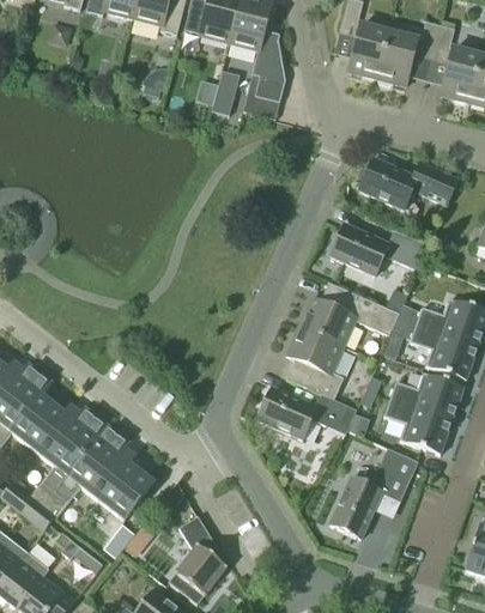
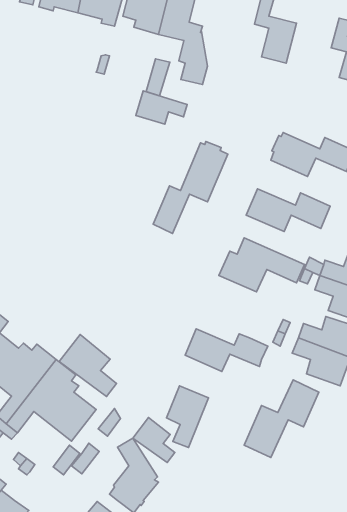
building: [377,20,439,85] -> none
building: none -> [136,91,187,124]
building: none -> [153,142,228,234]
building: [286,326,344,399] -> none
building: none -> [59,335,117,397]
building: none -> [167,386,208,448]
building: none -> [133,417,175,462]

